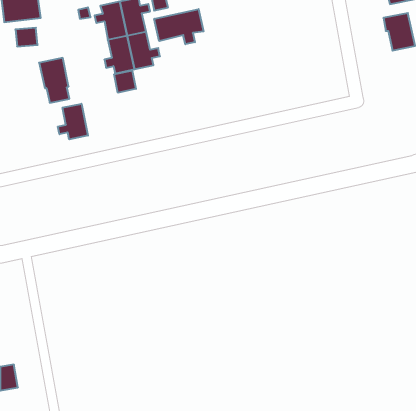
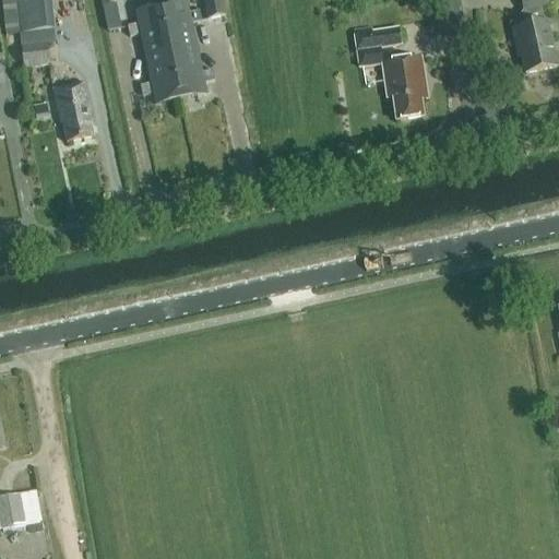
building: [154,9,204,44] -> none
building: none -> [354,21,425,116]
building: [114,70,136,93] -> none
building: [58,104,88,139] -> none

